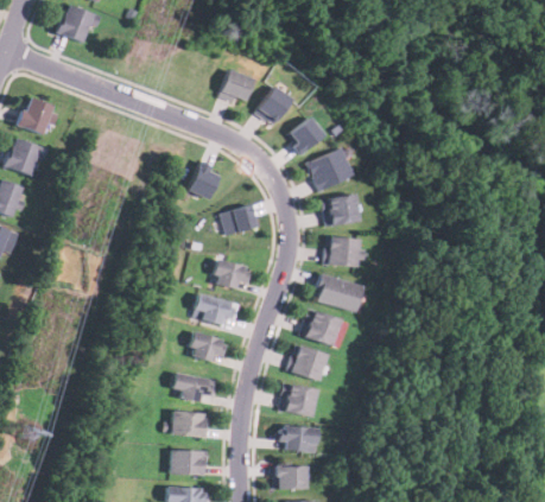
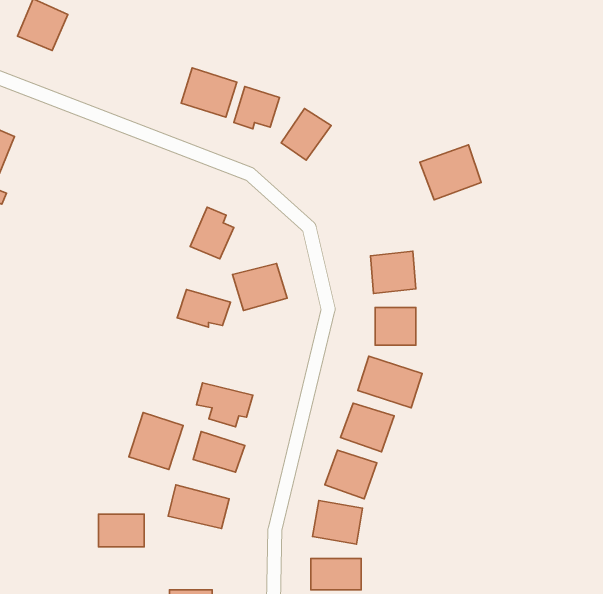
building: none -> [181,68,237,117]
building: [292,116,327,154] -> none
building: [309,148,355,190] -> [420,145,481,200]
building: [213,259,253,287] -> [177,289,230,327]
building: none -> [129,413,183,470]
building: [172,411,207,436] -> [99,514,144,547]

